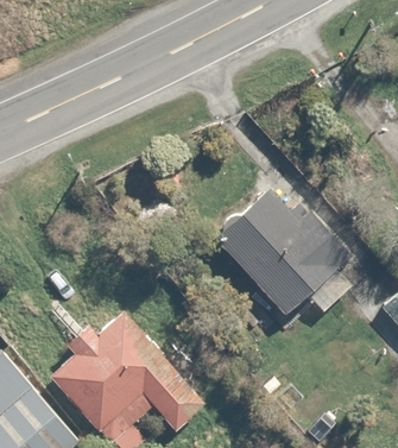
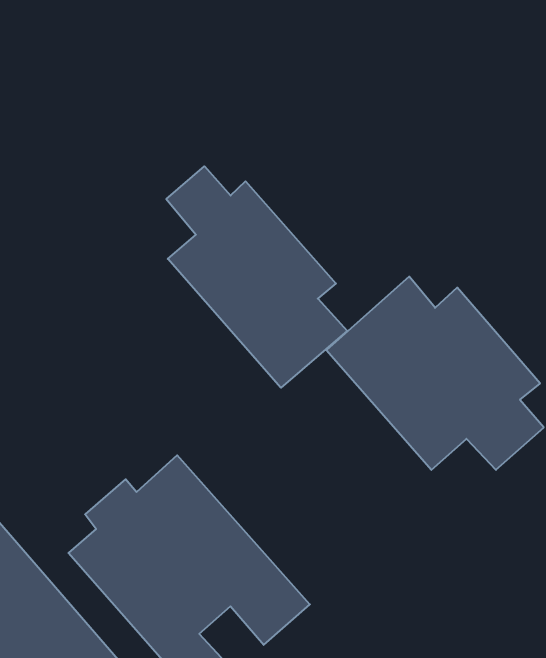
building: none -> [166,166,347,388]

